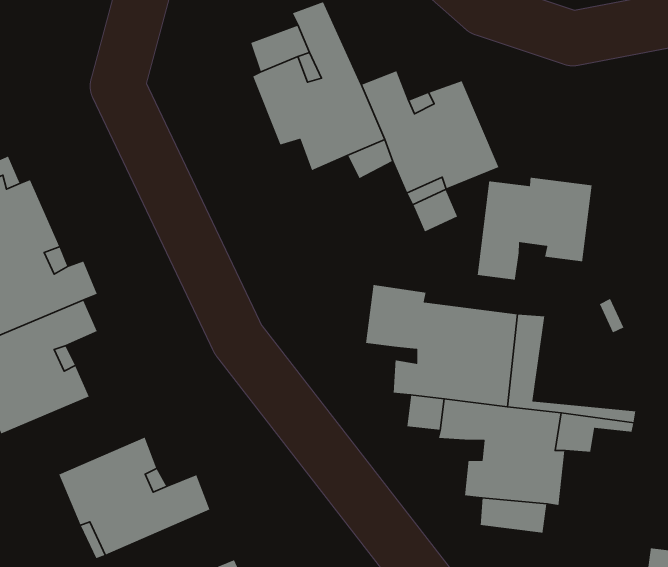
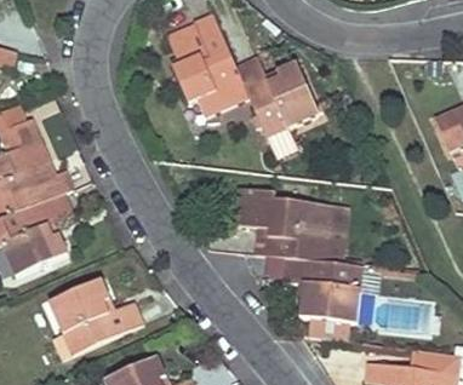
building: [477,177,593,281] -> none

